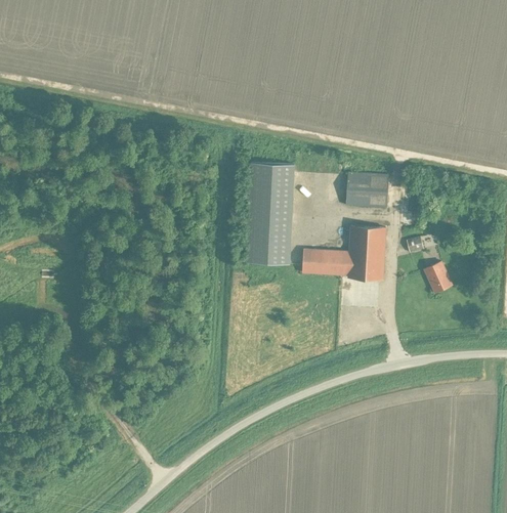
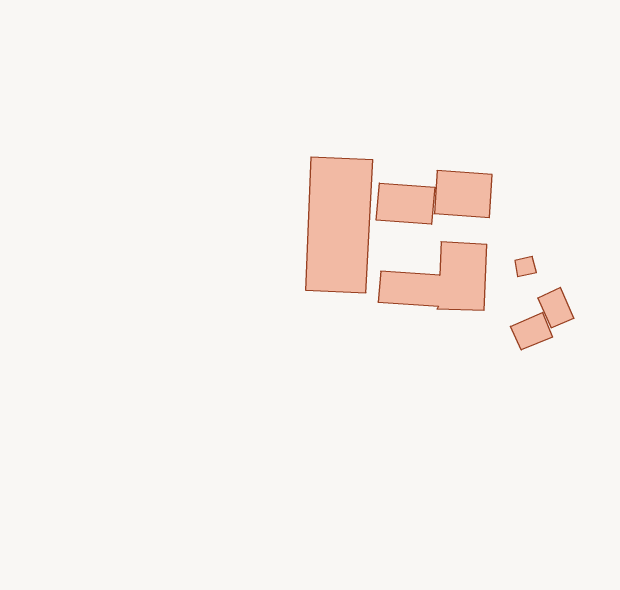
building: none -> [376,183,435,224]
building: none -> [510,312,552,350]

